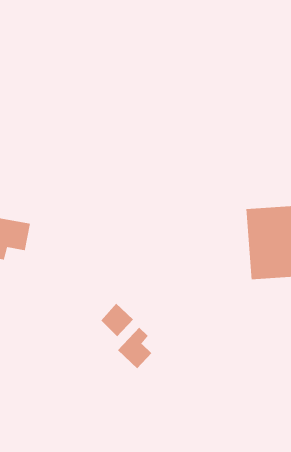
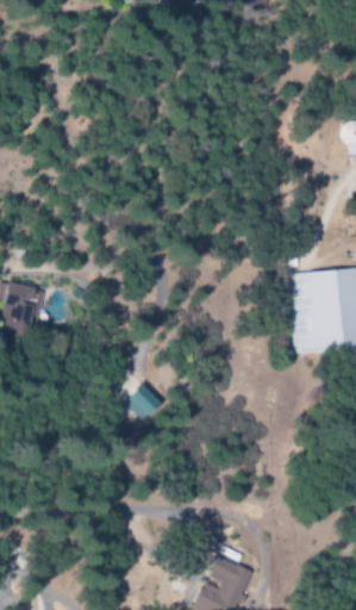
building: [117,327,152,369] -> none

